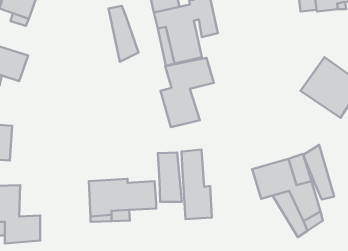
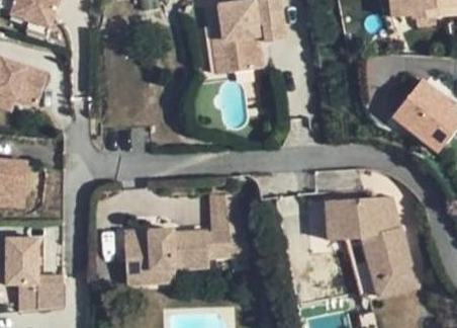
building: [108,6,138,62] -> none
building: [160,58,214,127] -> none
building: [303,145,334,199] -> none
building: [181,150,212,219] -> none

